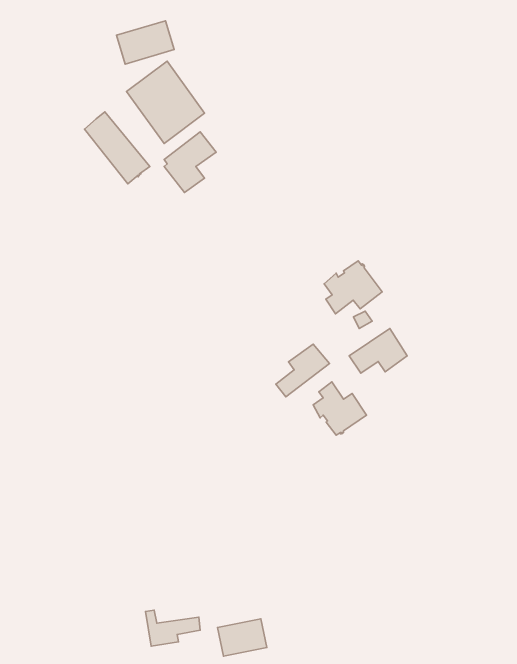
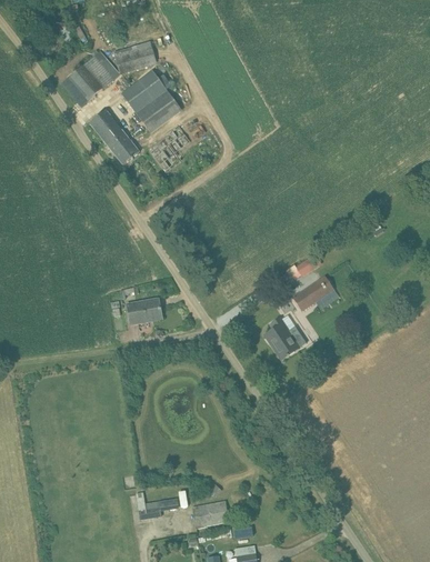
building: none -> [61,56,114,107]
building: [324,261,382,314] -> none
building: [276,344,329,397] -> none
building: none -> [128,298,162,323]

